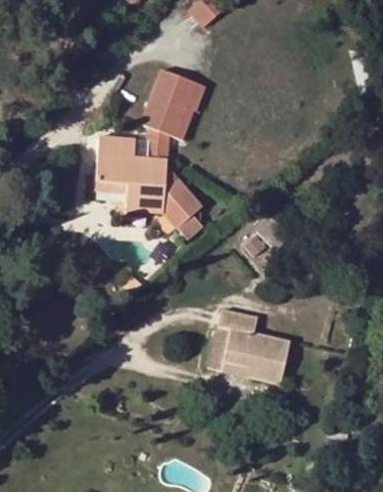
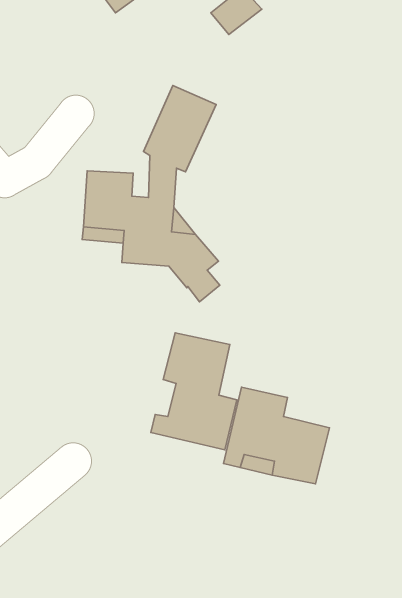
building: none -> [151,333,237,450]

